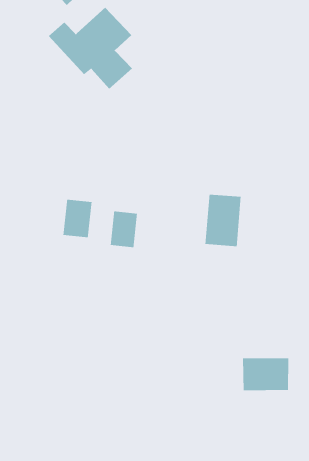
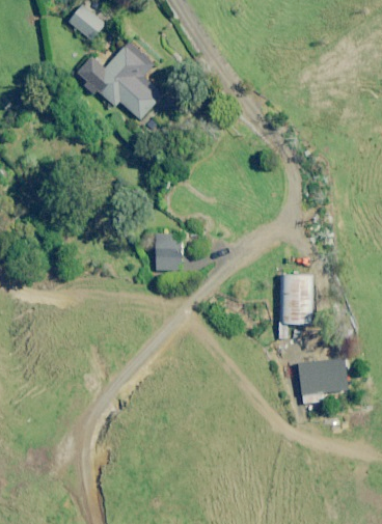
building: [204,194,242,247] -> [279,276,312,327]
building: [63,199,92,238] -> none

